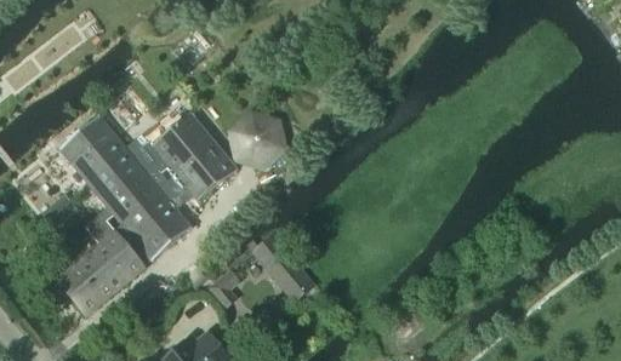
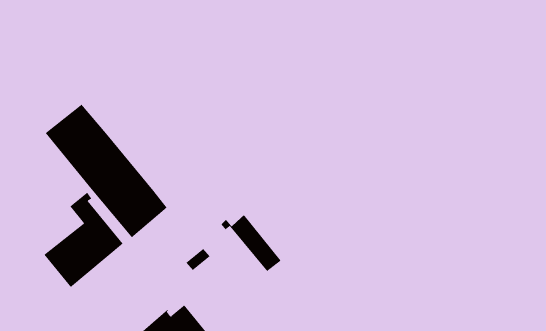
building: [126,102,237,210] -> none
building: [232,113,286,168] -> none

